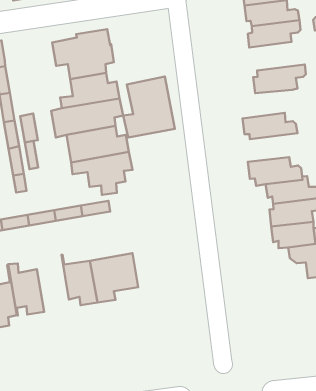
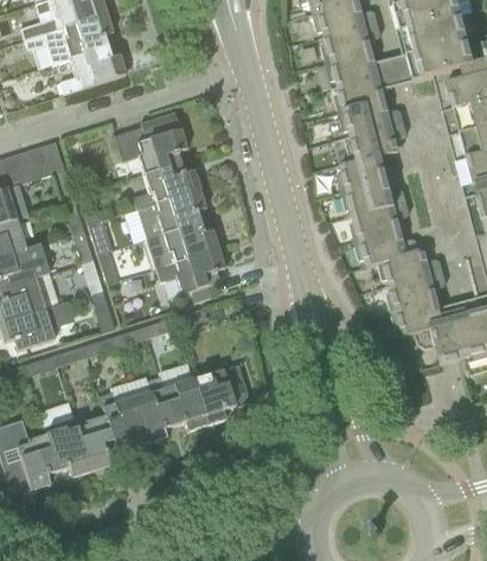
building: none -> [338,96,404,134]
building: [123,77,175,137] -> none
building: none -> [337,151,396,191]
building: none -> [350,199,409,240]
building: none -> [130,375,172,442]

